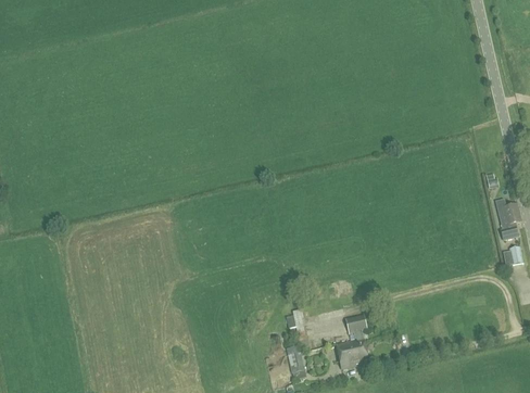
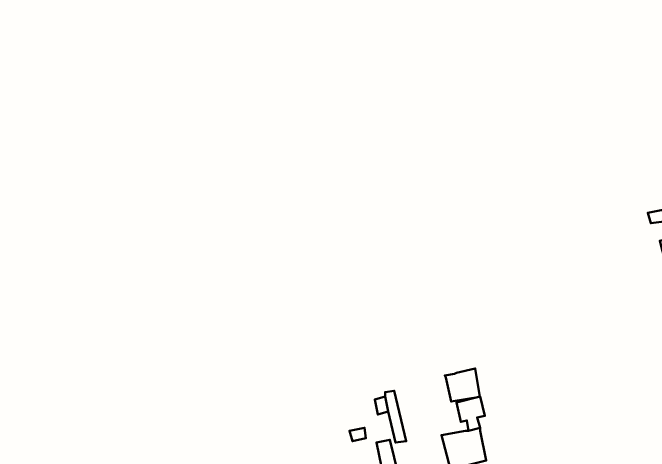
building: none -> [445,368,480,402]

